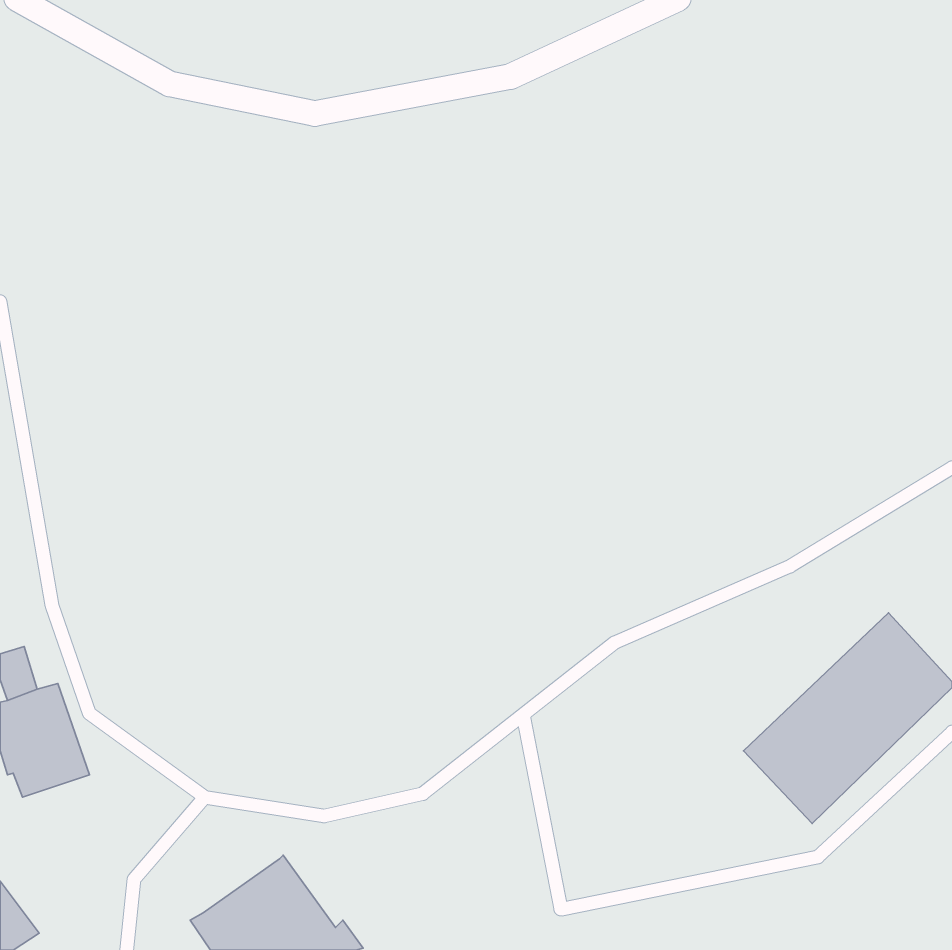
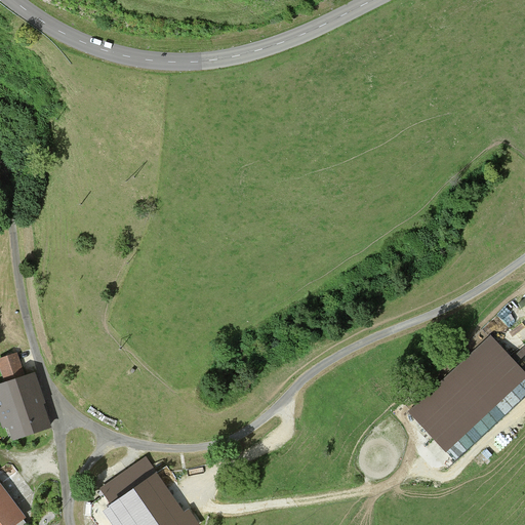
building: none -> [103,459,154,502]

